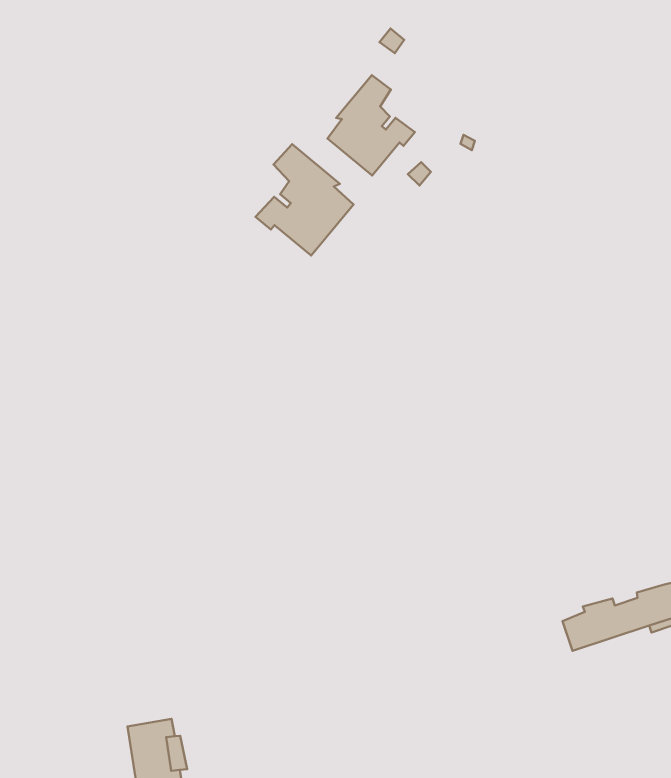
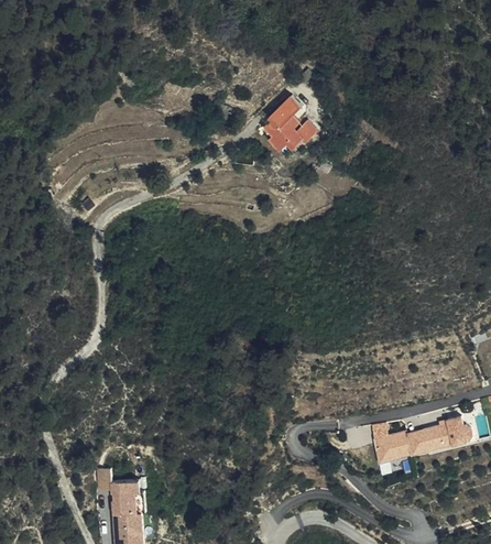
building: [256,144,353,256] -> none

